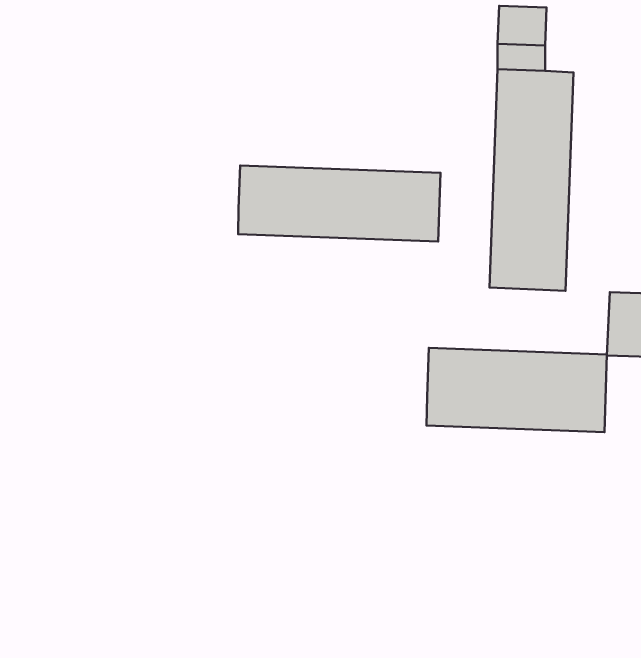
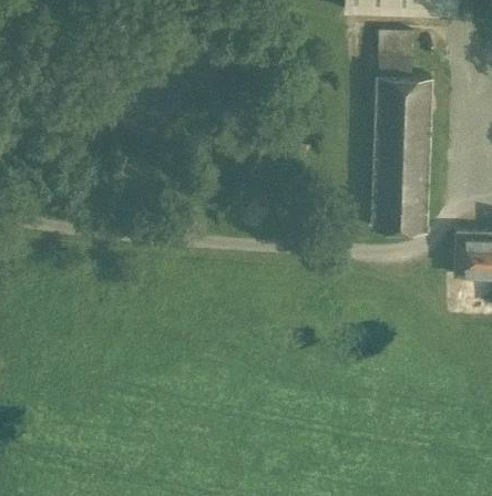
building: [238,166,440,241] -> none
building: [426,348,607,432] -> none

